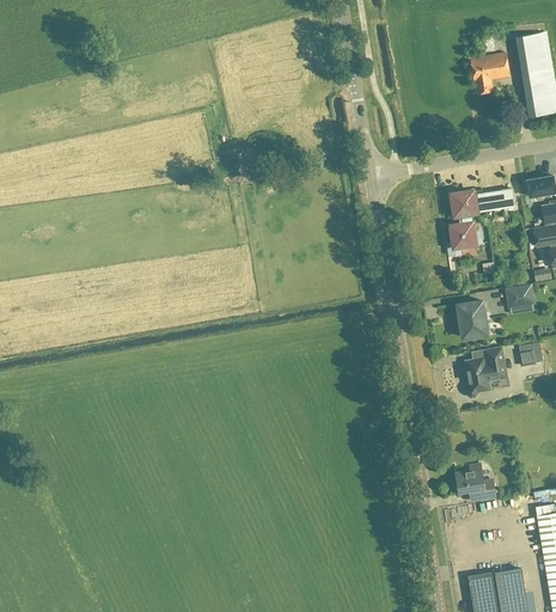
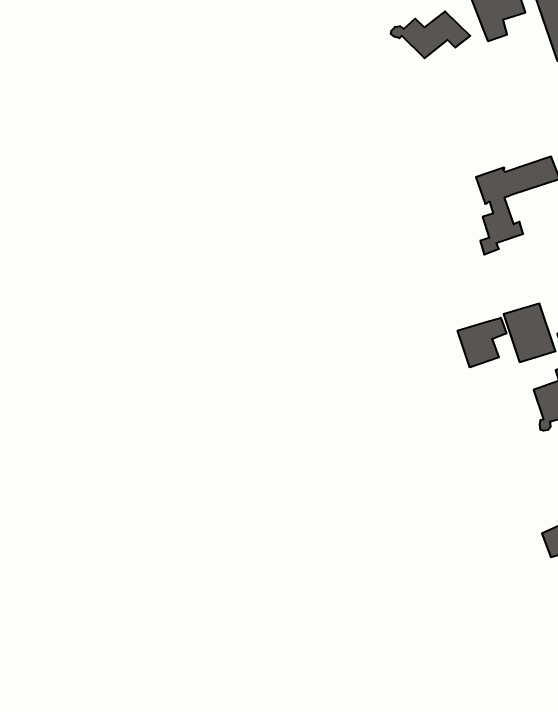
building: none -> [391,11,470,58]
building: none -> [458,318,506,367]

